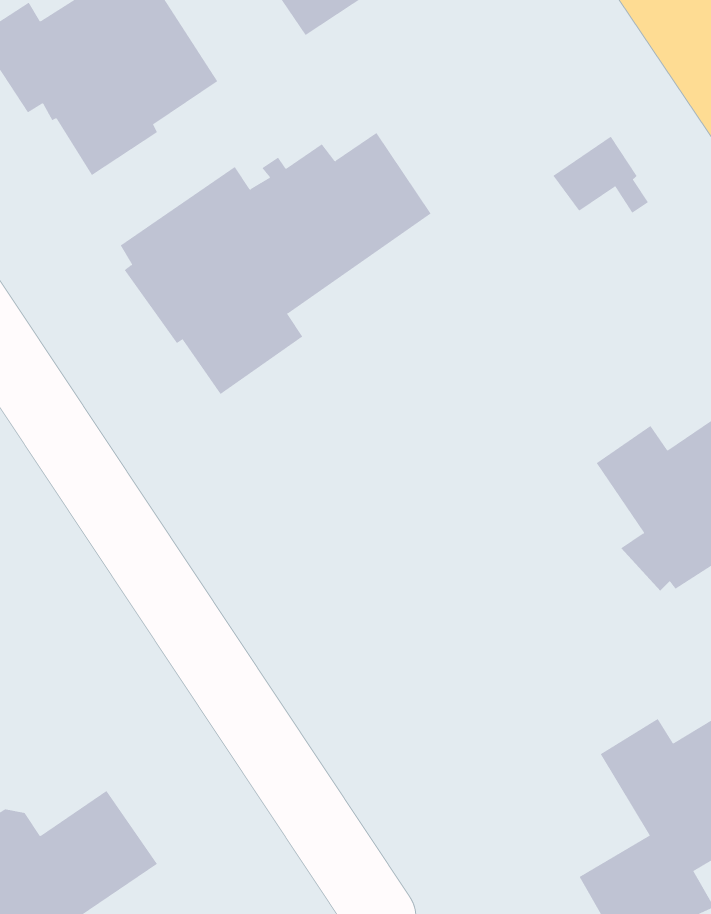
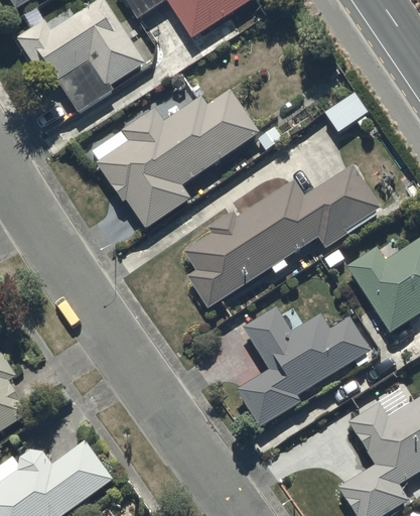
building: none -> [182,163,379,308]
building: none -> [237,307,376,427]

